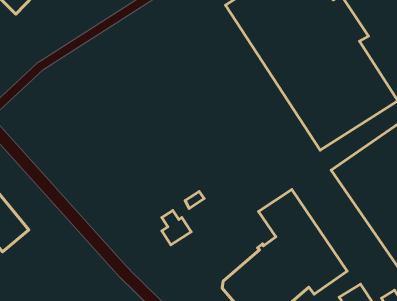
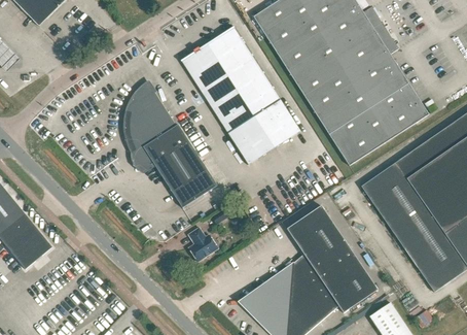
building: none -> [182,27,300,164]
building: none -> [124,81,217,207]

